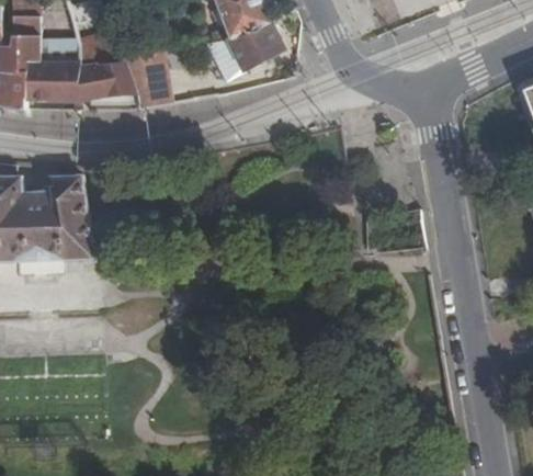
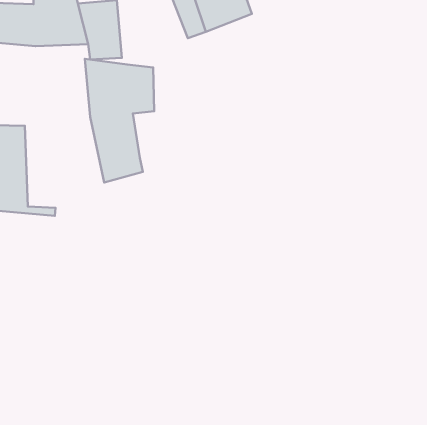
building: none -> [85,59,154,182]

